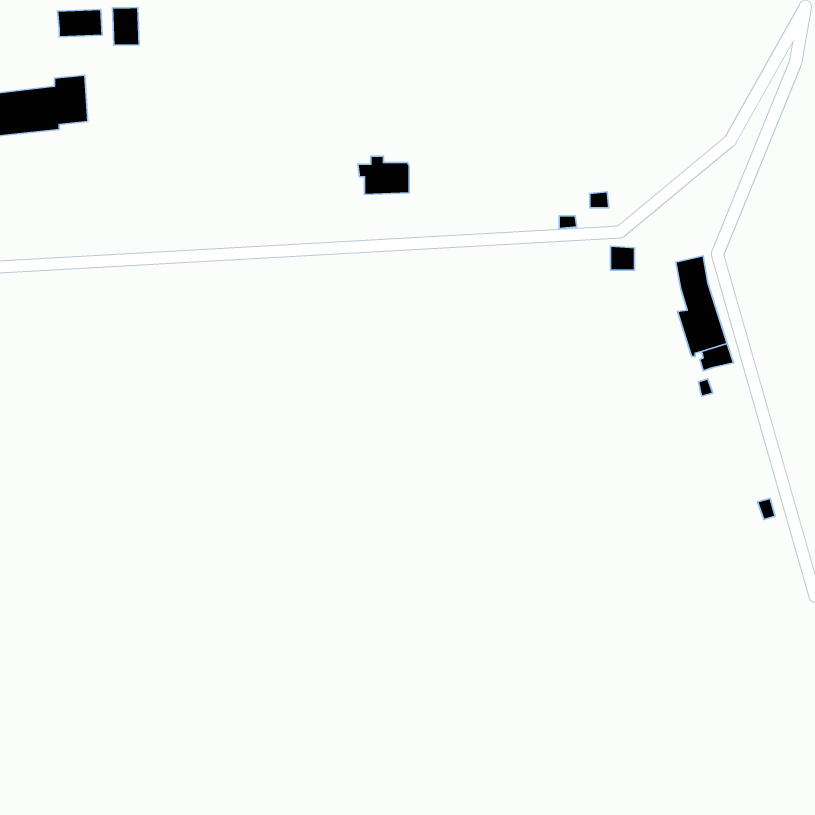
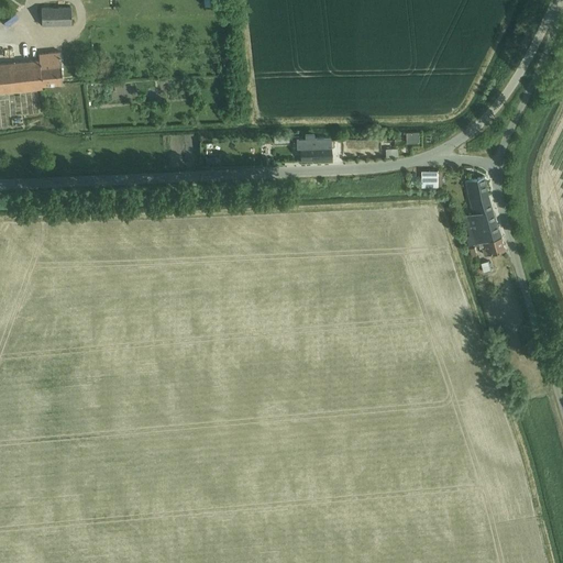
building: [113,7,139,45] -> none
building: [358,156,409,195] -> [295,135,330,162]

